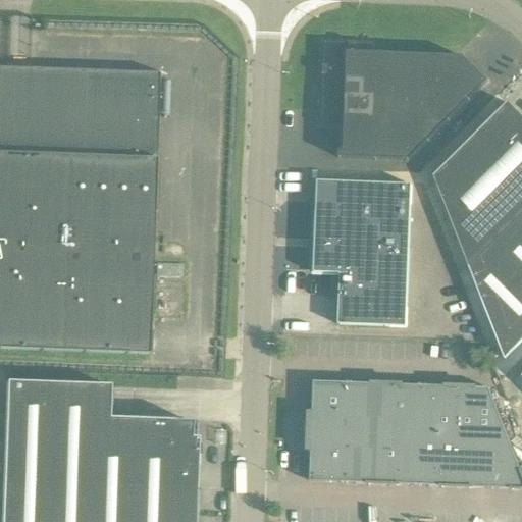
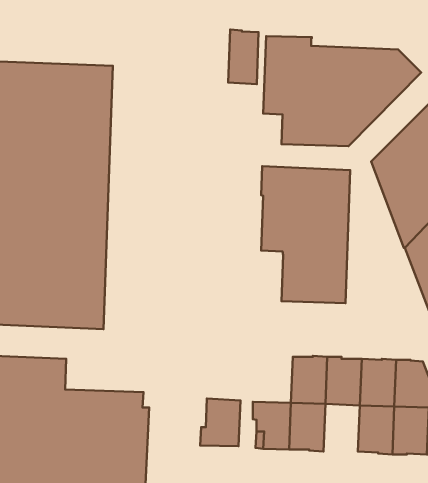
building: none -> [228,30,259,84]
building: [308,379,351,430] -> [200,398,240,446]
building: [383,431,422,483] -> none

